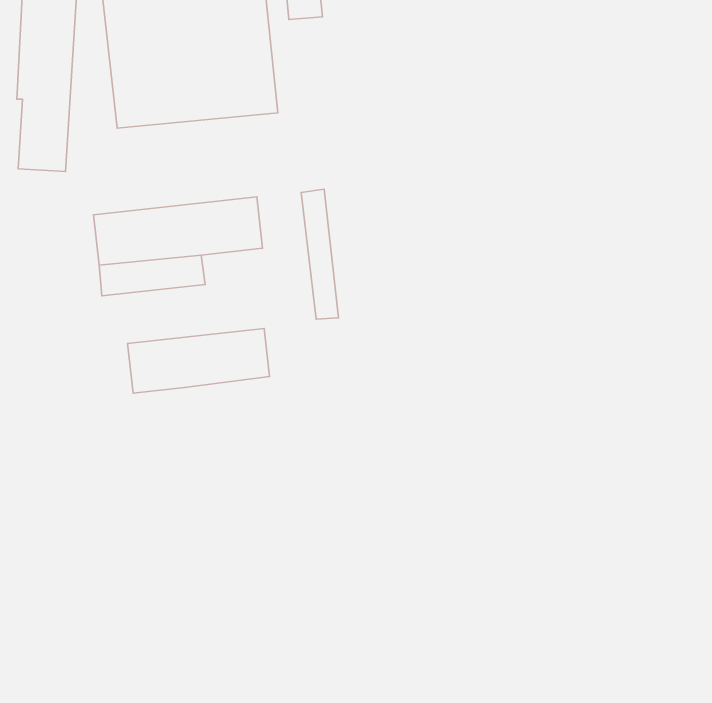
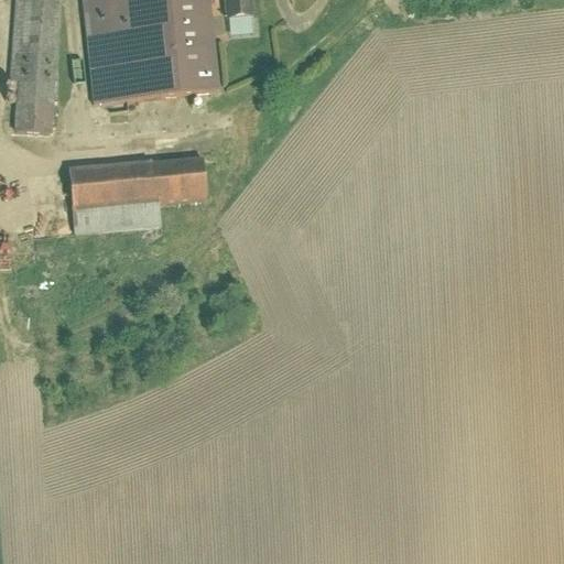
building: [301,189,339,319] -> none
building: [127,328,270,393] -> none

